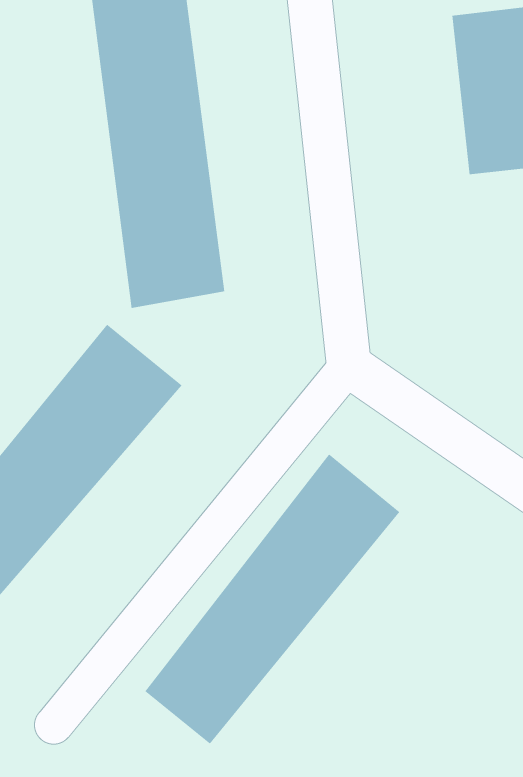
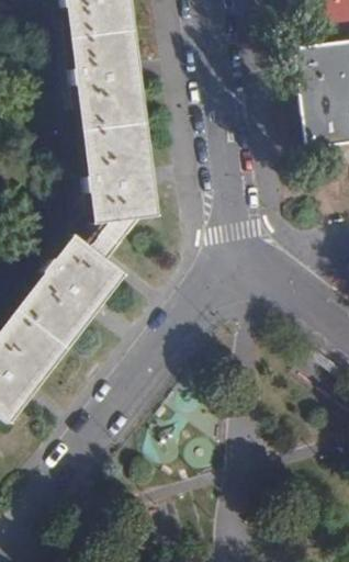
building: [145,453,400,744] -> none

